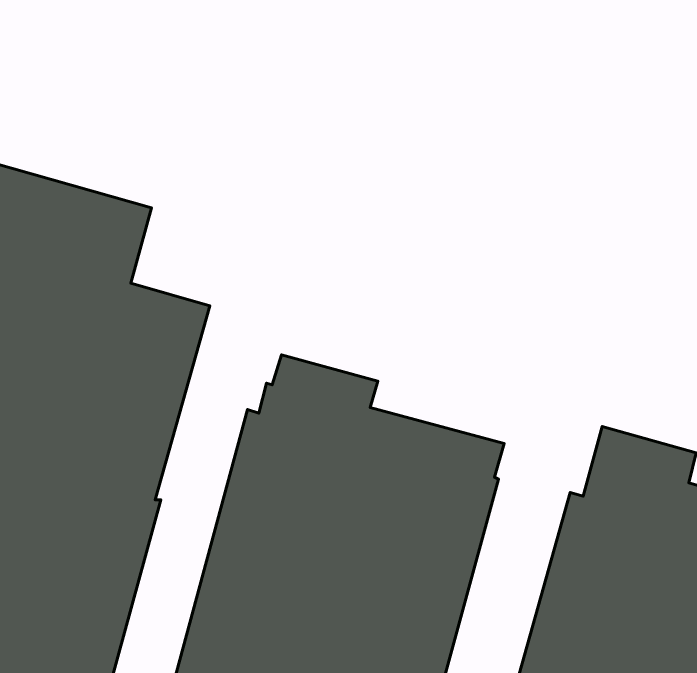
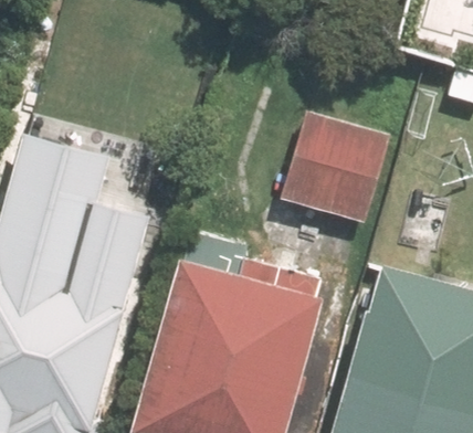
building: none -> [282,114,391,226]

